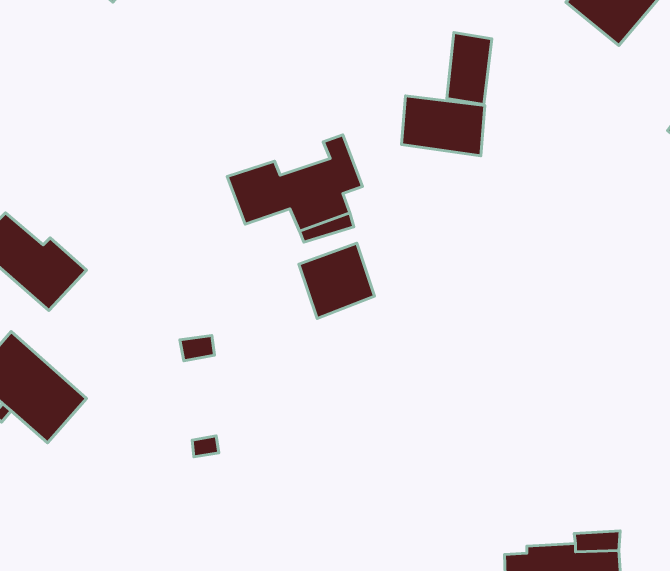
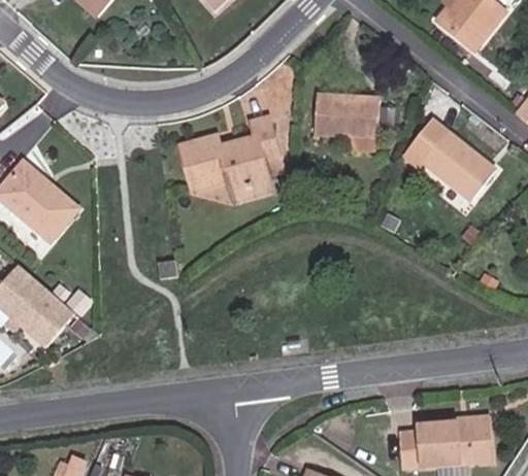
building: [447,32,492,105] -> none
building: none -> [407,126,493,201]
building: [299,243,374,319] -> none

